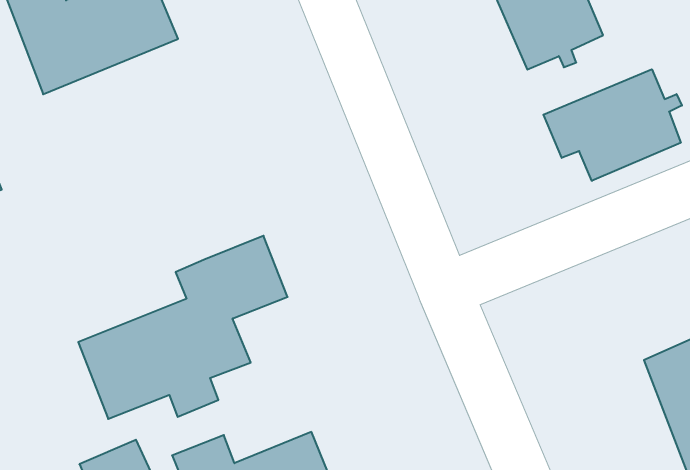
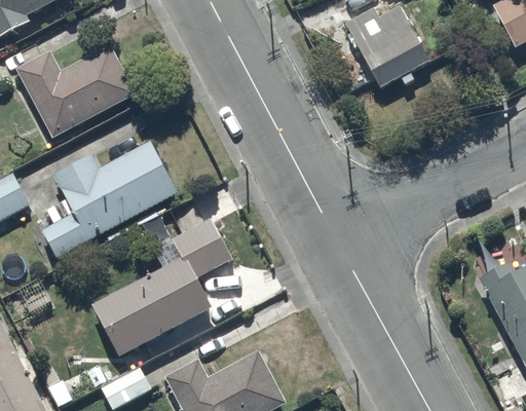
building: [543,69,682,181] -> none
building: none -> [42,140,179,258]

